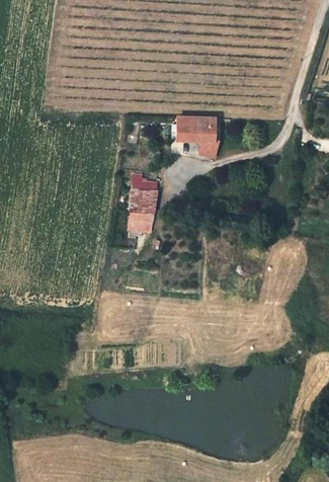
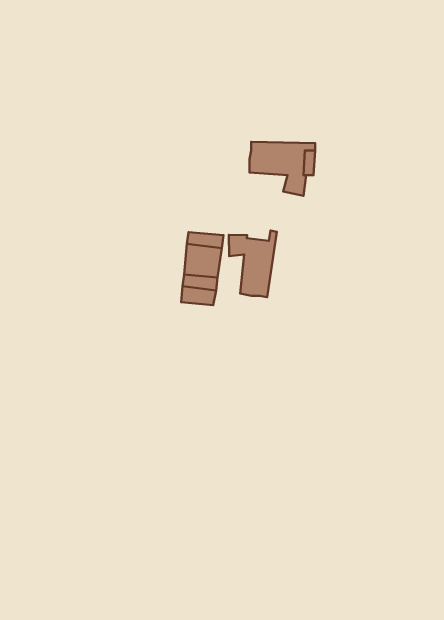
building: none -> [229,231,277,297]

